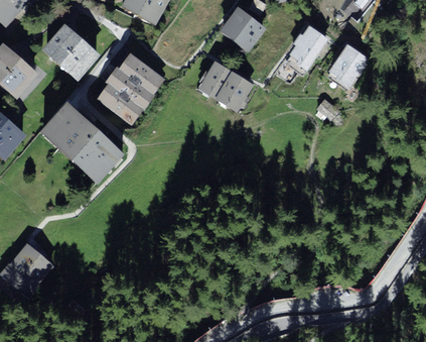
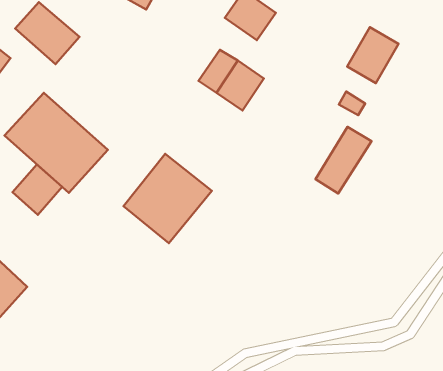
building: [279,27,326,84] -> [315,127,371,193]
building: [93,44,167,120] -> [124,154,212,243]
building: none -> [13,164,62,215]

